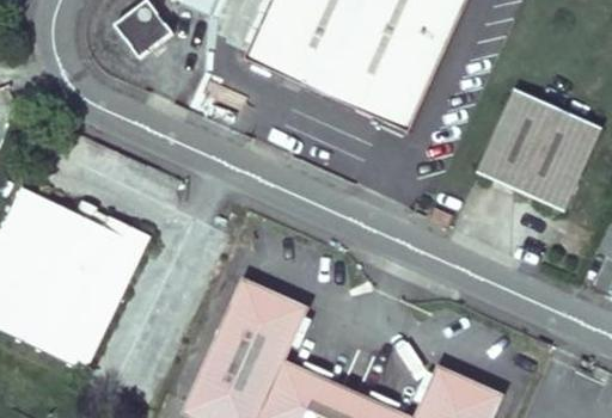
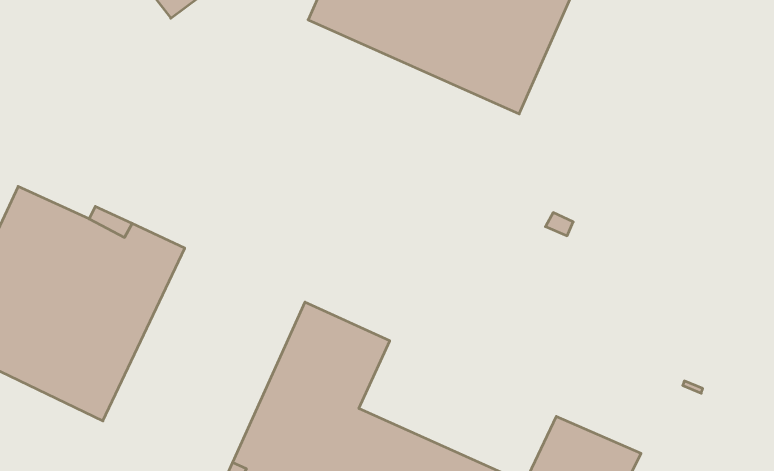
building: [477,88,601,210] -> none

